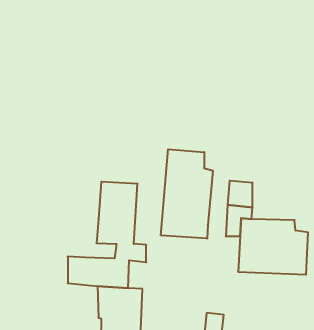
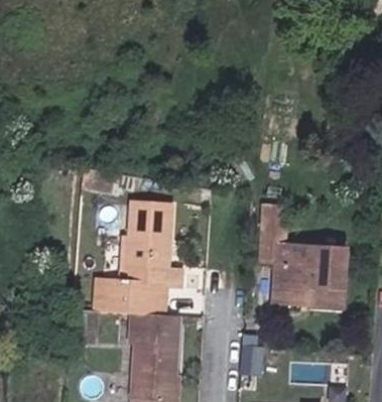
building: [161,149,213,239] -> none
building: none -> [115,245,148,286]

